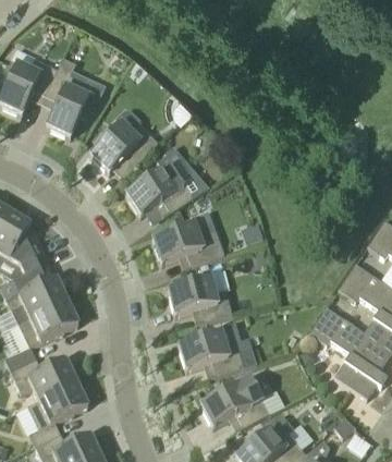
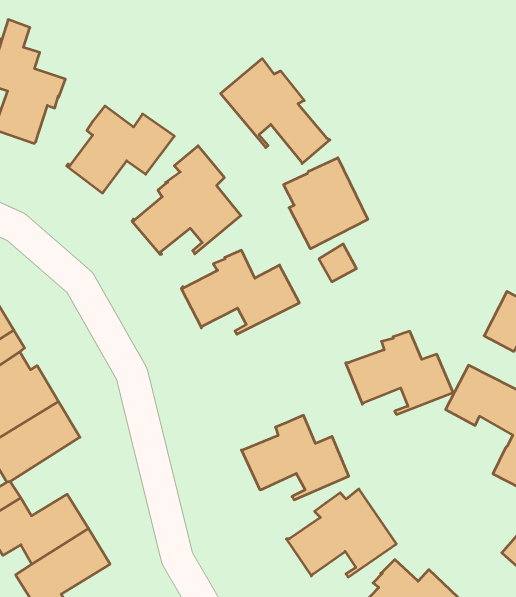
building: none -> [221,59,330,164]
building: none -> [284,158,368,249]
building: [168,272,233,324] -> [346,331,453,414]

